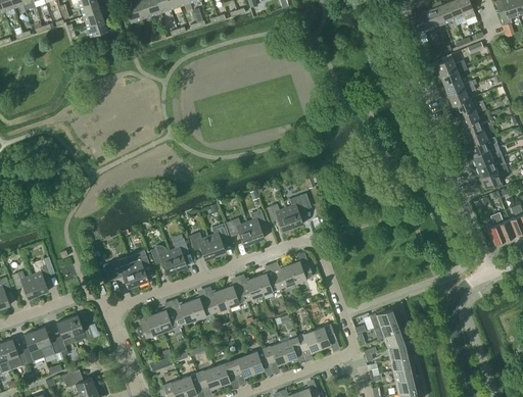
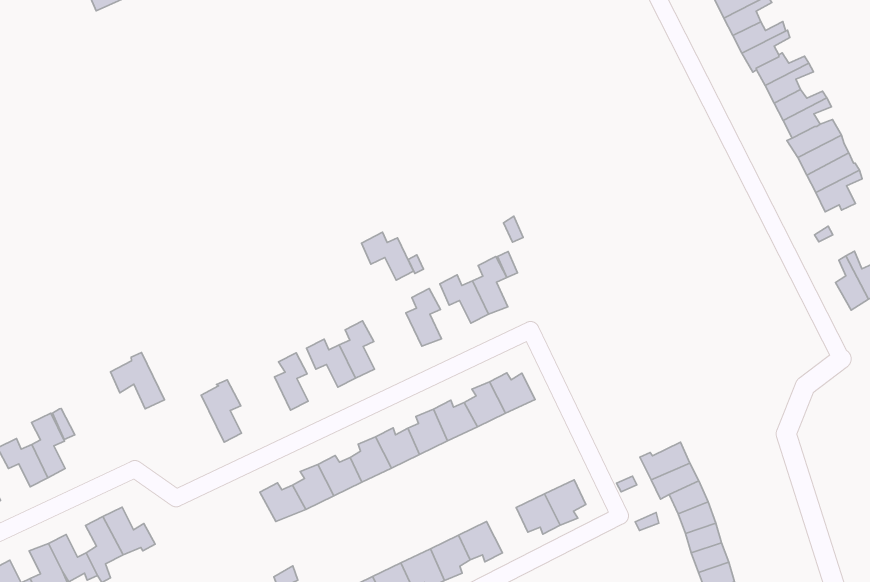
building: [226,217,253,245] -> [361,232,414,280]
building: [150,244,177,274] -> none
building: [109,256,138,288] -> [110,352,165,409]
building: [137,313,162,340] -> none
building: [280,330,302,360] -> none

